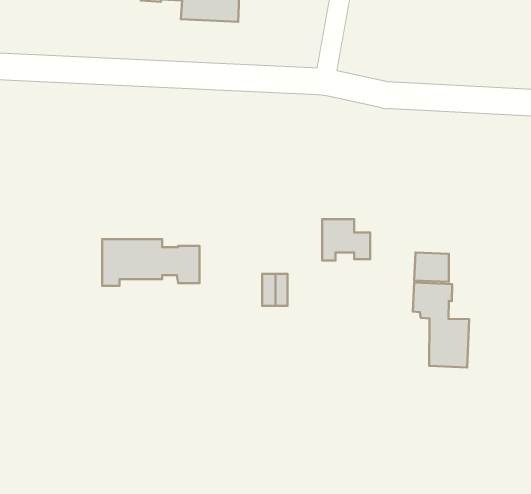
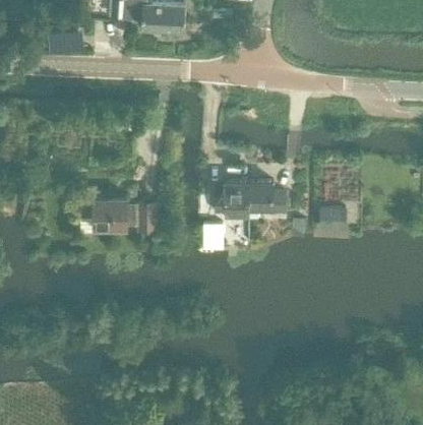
building: none -> [214,182,247,220]
building: [413,282,469,367] -> none

